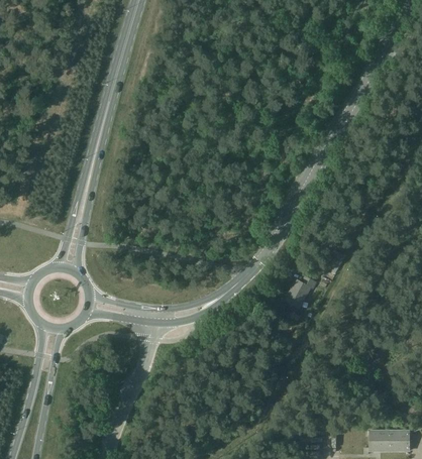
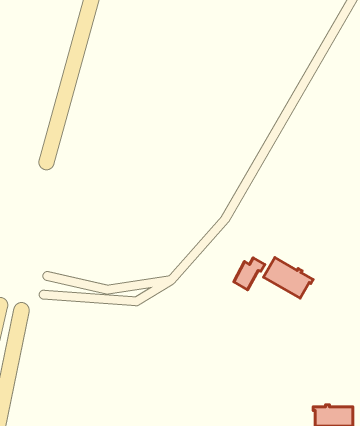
building: none -> [264,258,313,298]

